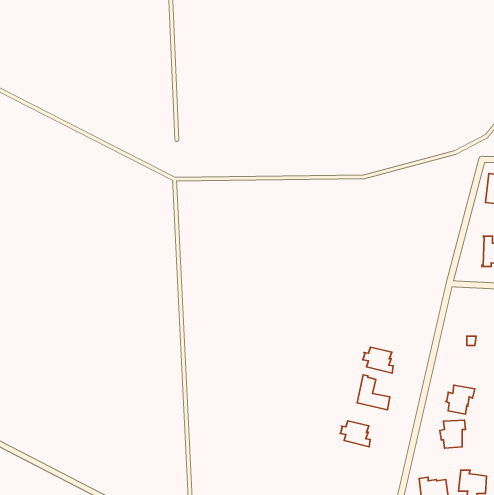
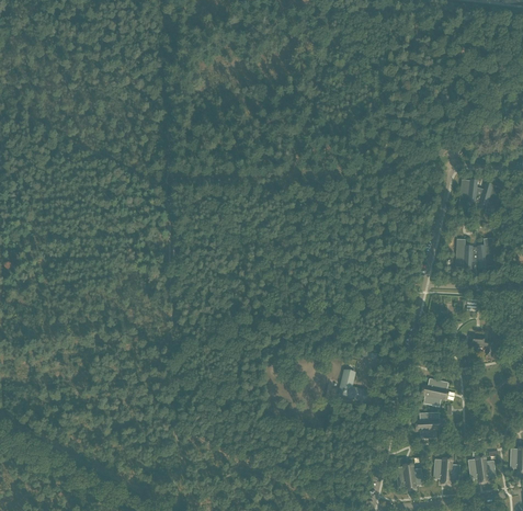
building: [363,347,393,373] -> none
building: [340,421,370,447] -> none

